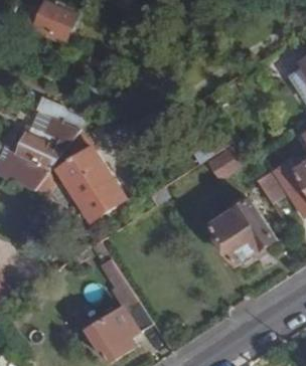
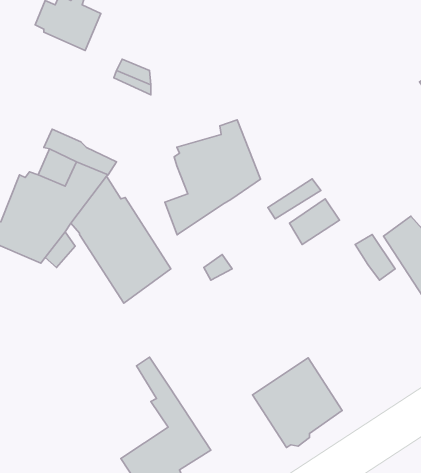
building: none -> [165,120,261,235]
building: [210,200,274,263] -> [252,358,342,448]

